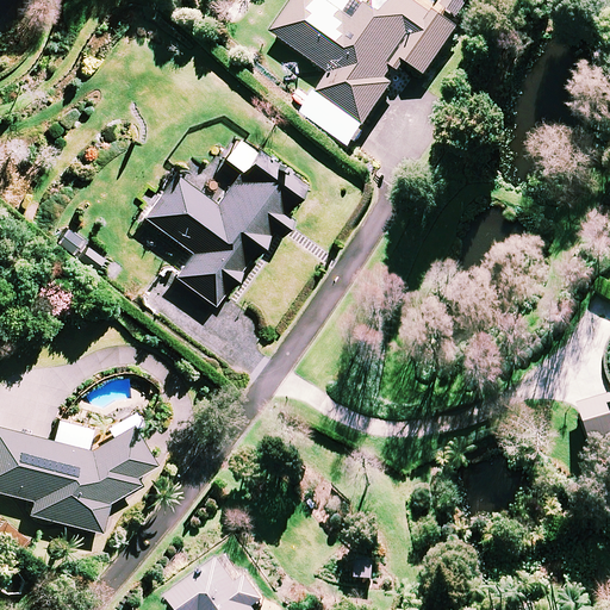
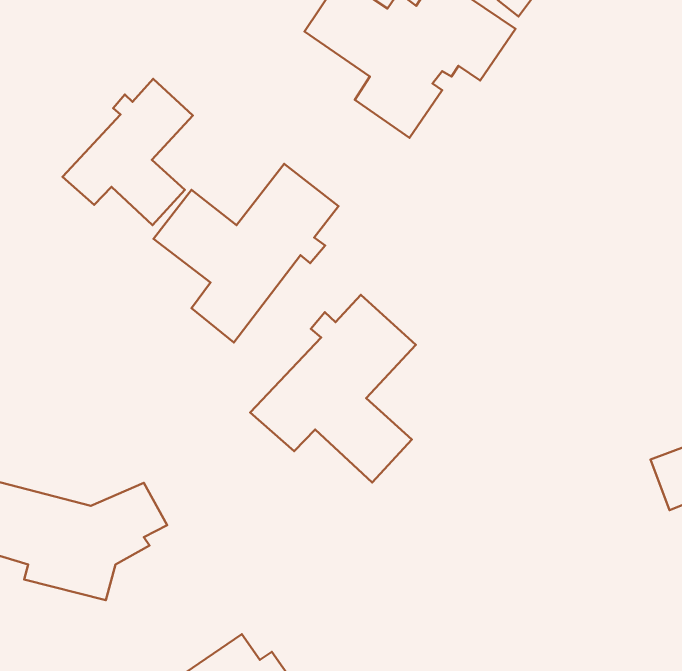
building: none -> [63,79,193,225]
building: none -> [250,295,416,482]

